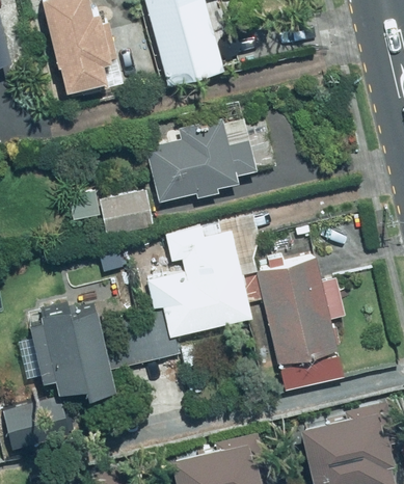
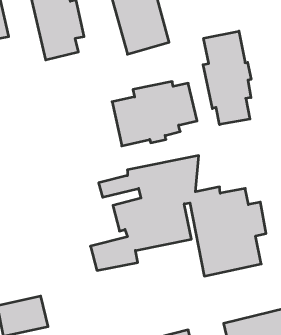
building: none -> [203,31,251,125]
building: [72,190,157,235] -> none
building: [29,308,111,399] -> none

